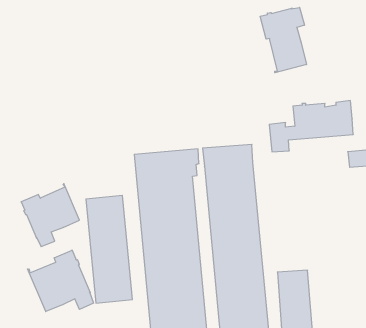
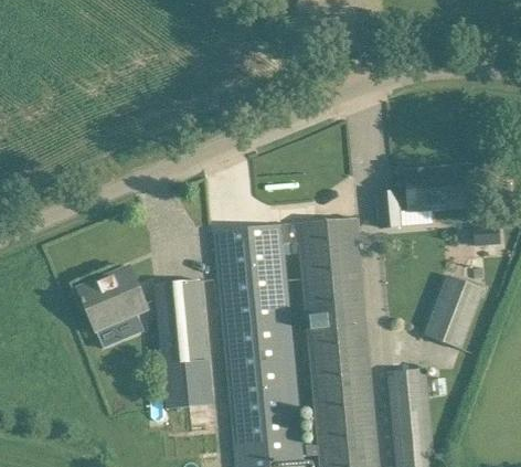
building: [260,7,306,73] -> none
building: none -> [425,275,485,348]
building: [28,250,94,312] -> none

